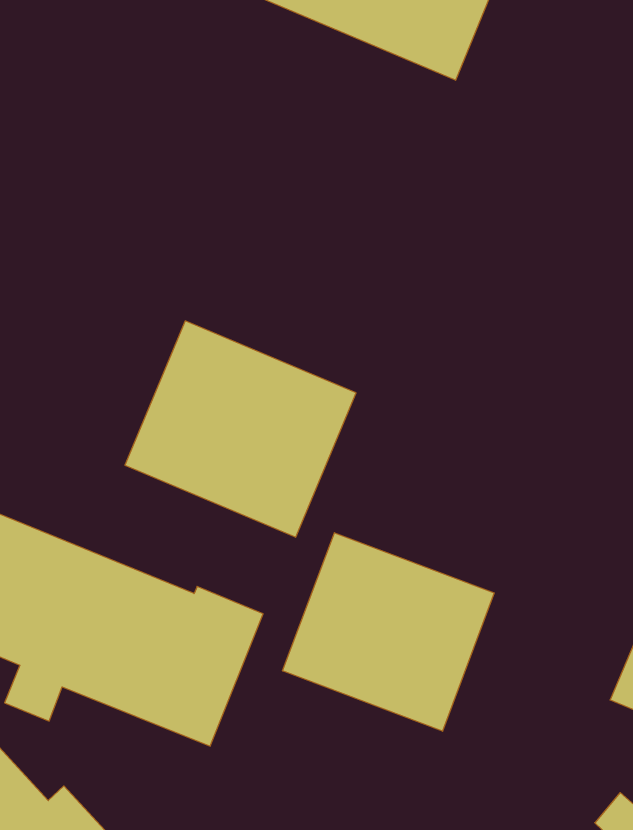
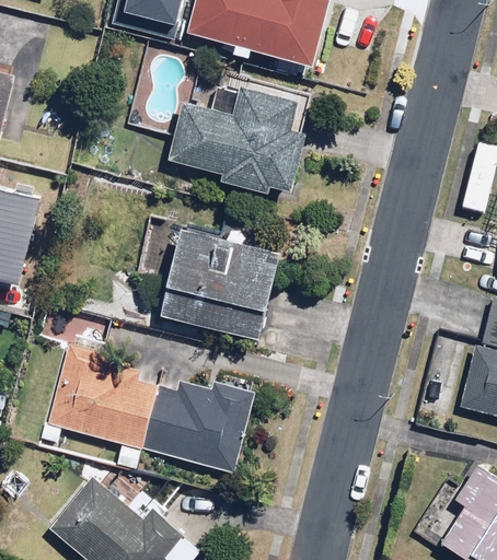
building: none -> [172,85,311,195]
building: [283,533,494,731] -> none

